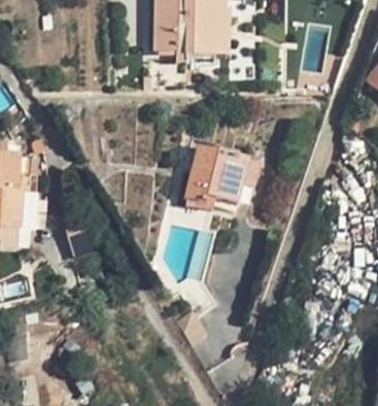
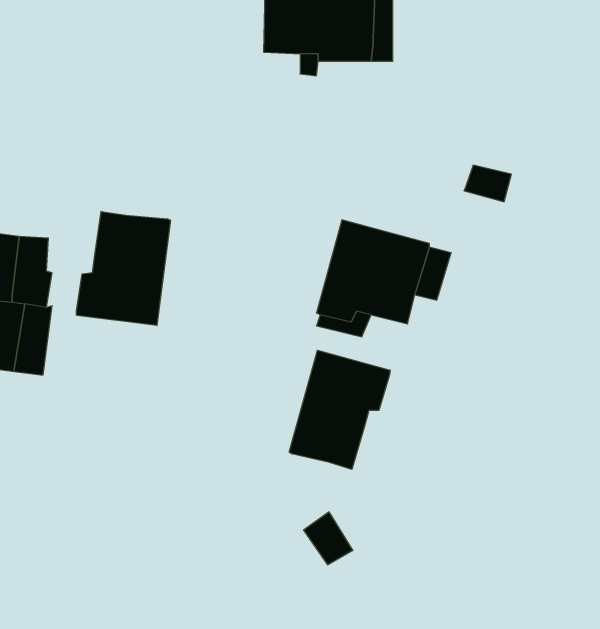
building: none -> [76,211,170,326]
building: none -> [289,350,390,469]

